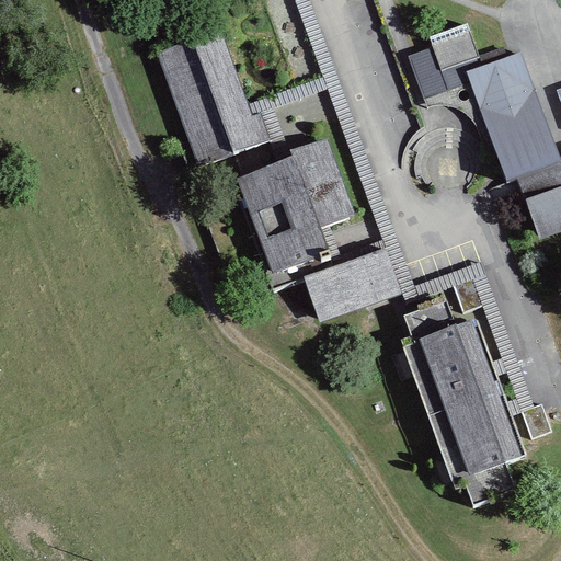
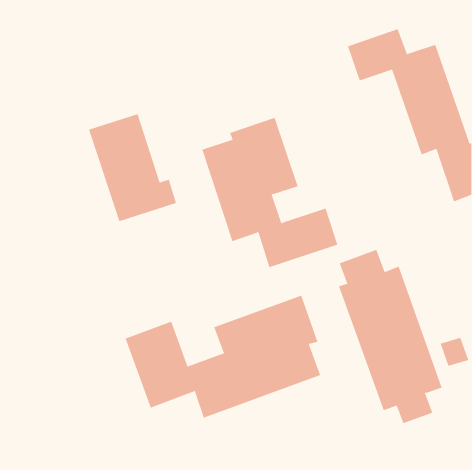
building: [164,36,270,164] -> [88,114,177,222]
building: none -> [125,295,321,418]

